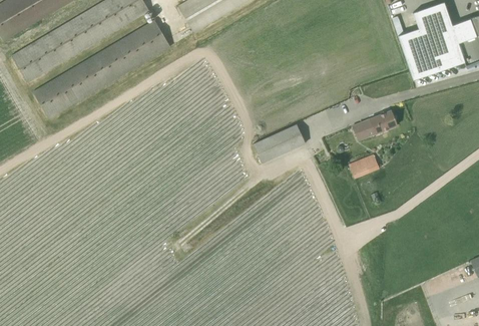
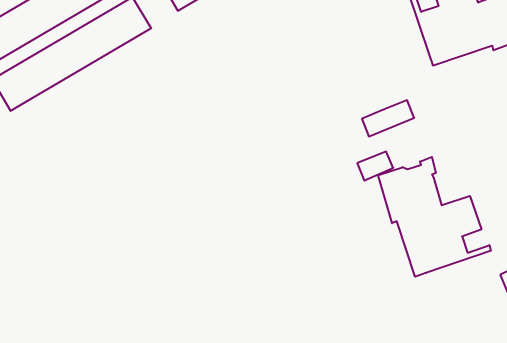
building: [254,123,306,164] -> none
building: none -> [378,157,491,277]

